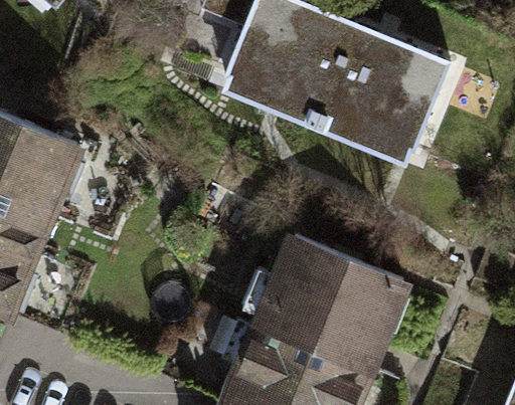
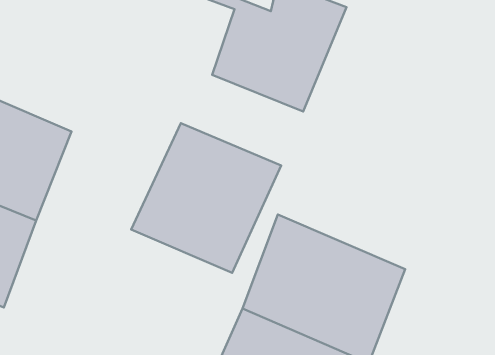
building: [311,23,489,164] -> none
building: none -> [131,123,281,273]

